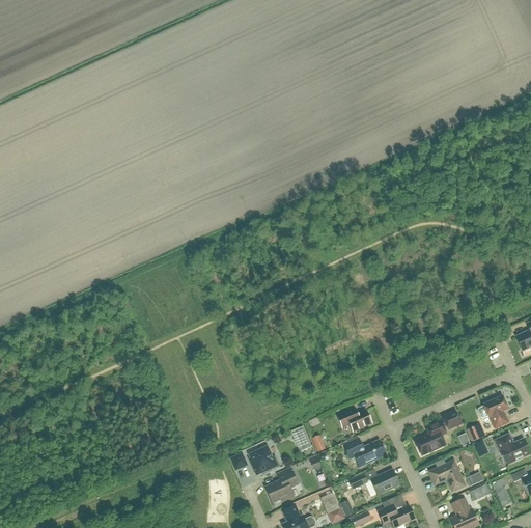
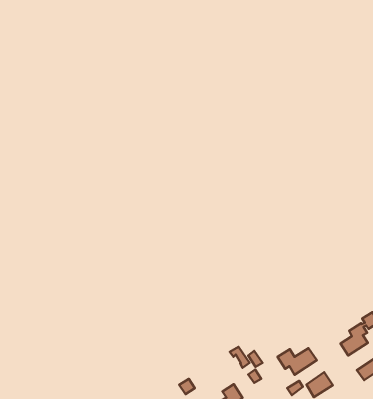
building: [338,408,372,432] -> none
building: [250,446,280,474] -> none

